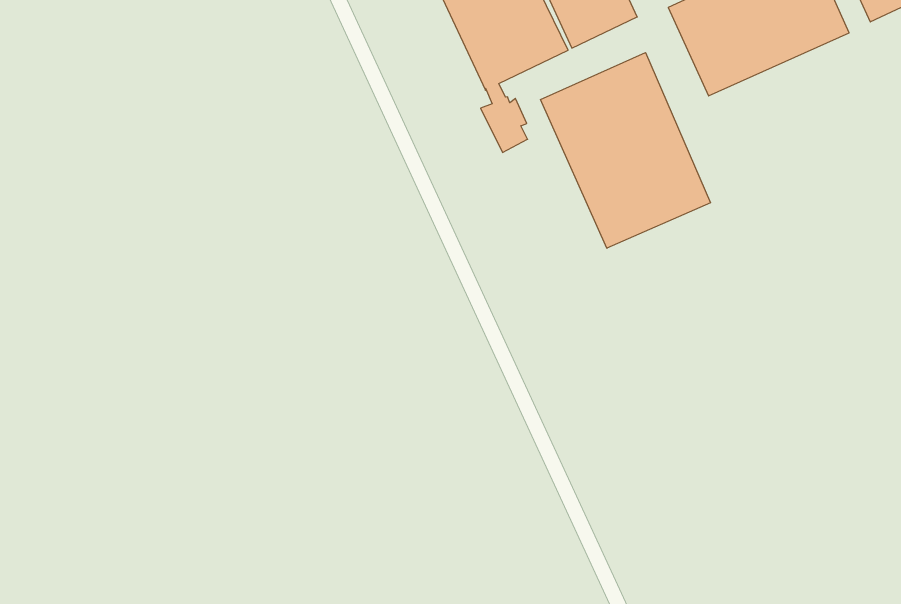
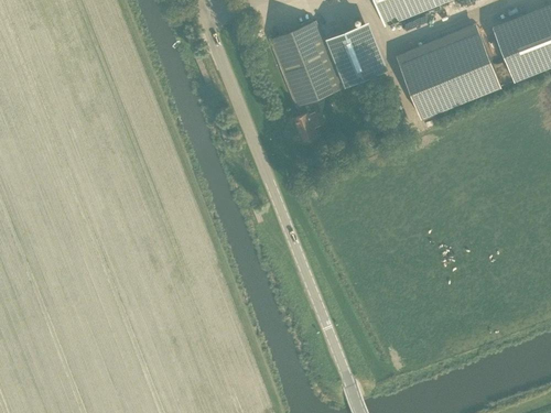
building: [540,53,710,248] -> none

